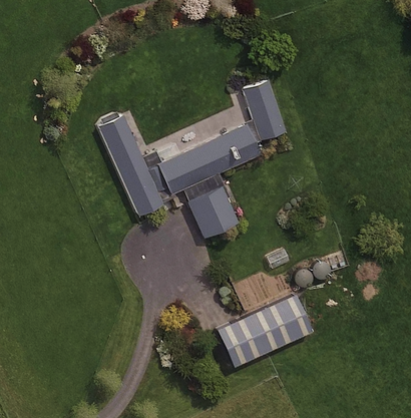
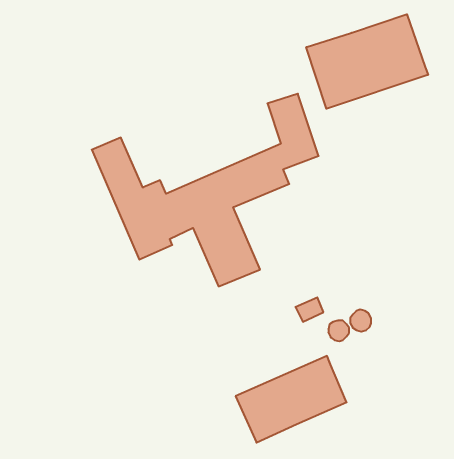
building: none -> [306,14,428,109]

